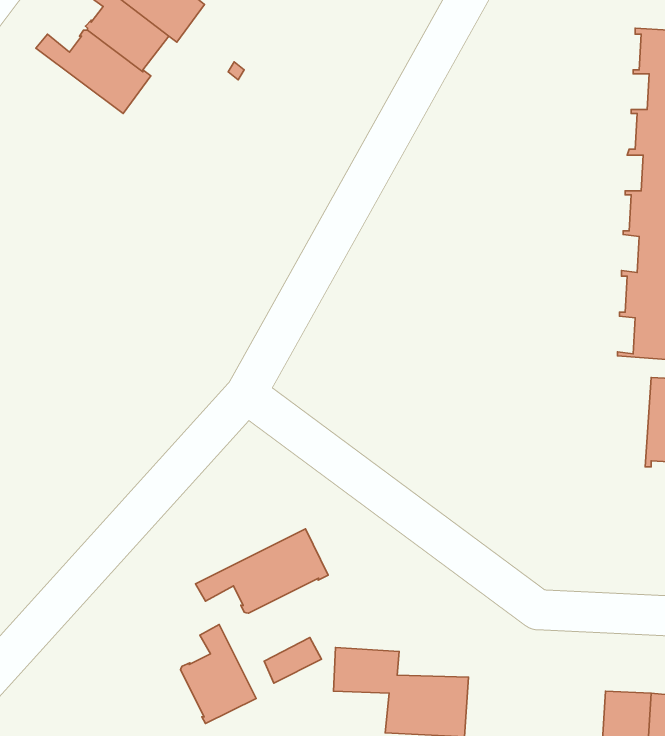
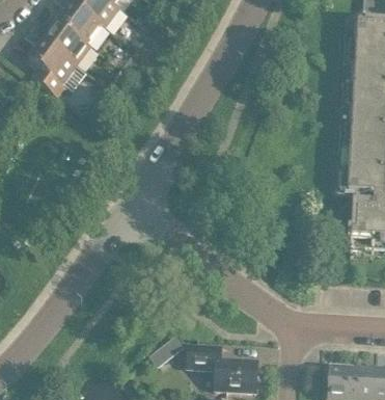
building: none -> [26,31,77,98]
building: [195,529,328,613] -> none
building: [181,625,256,724] -> none

